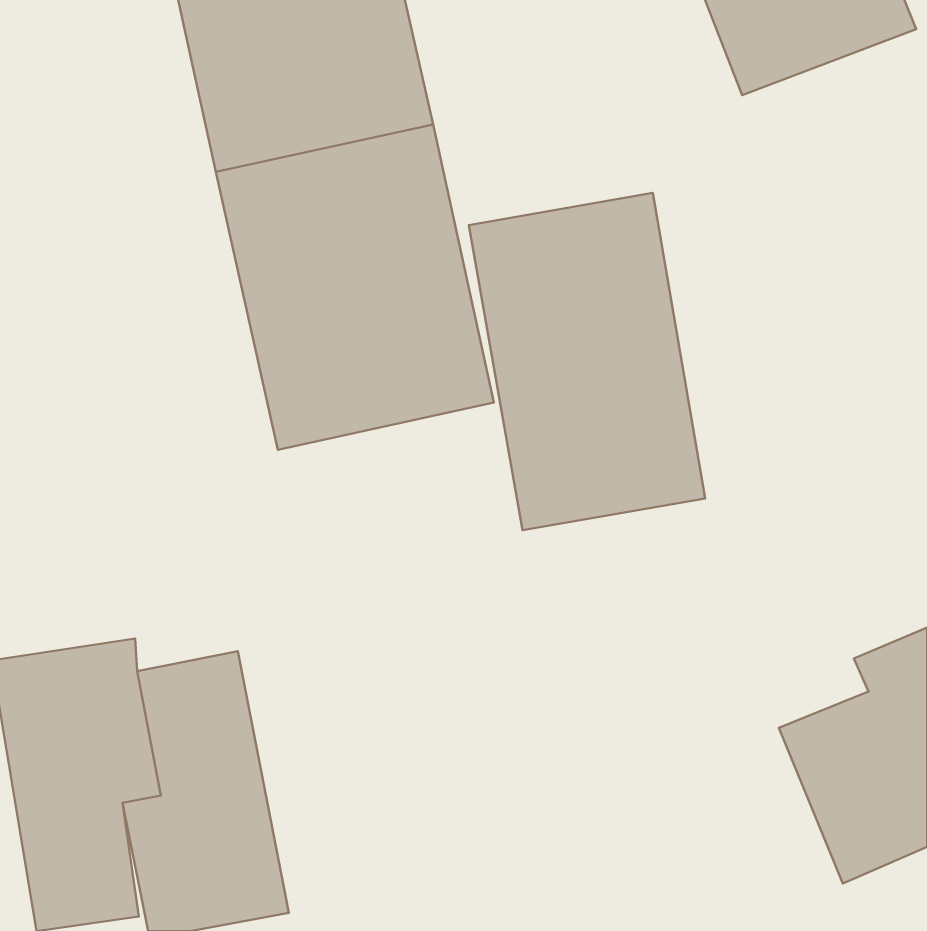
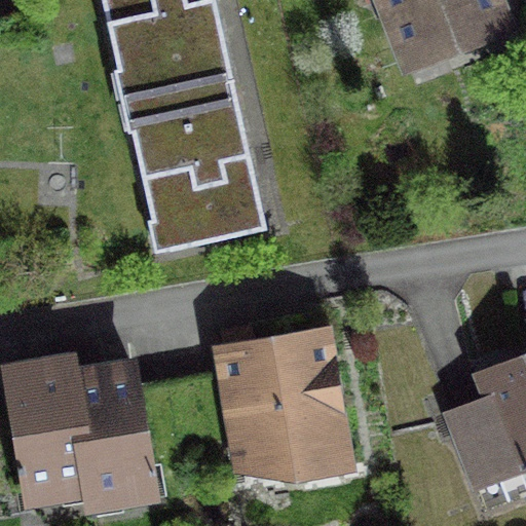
building: [469,193,705,530] -> none
building: none -> [221,324,361,484]

